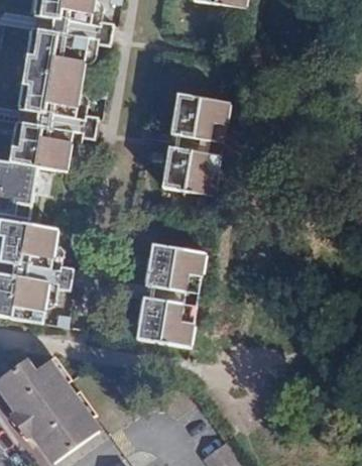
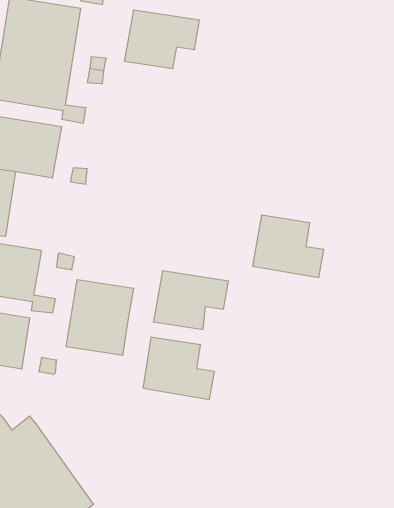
building: [170,93,230,139] -> [124,10,200,69]
building: [161,145,218,195] -> [253,215,324,278]
building: none -> [66,280,134,355]

